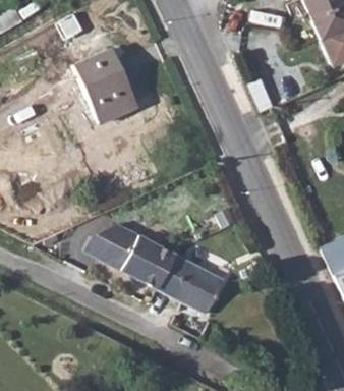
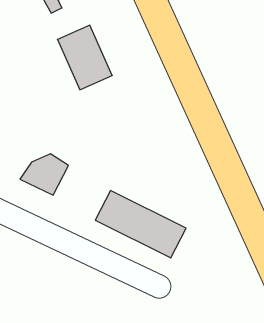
building: [83,222,138,269] -> [20,154,68,195]

